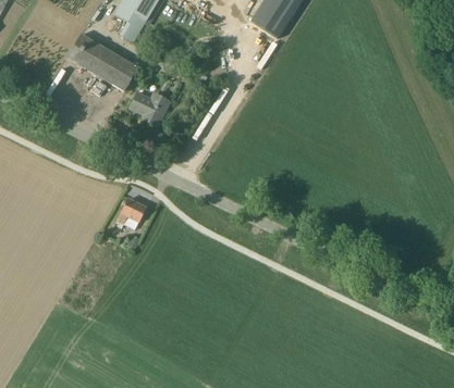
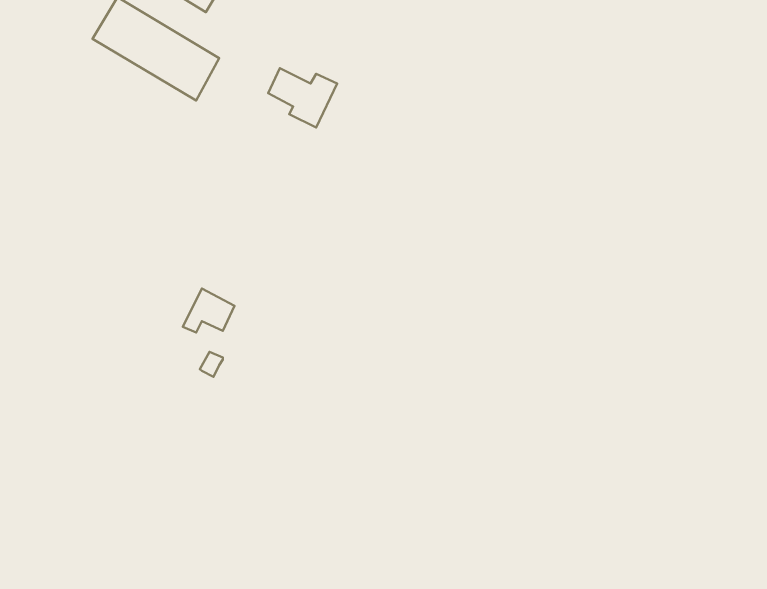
building: [131,92,170,126] -> [268,68,337,128]

